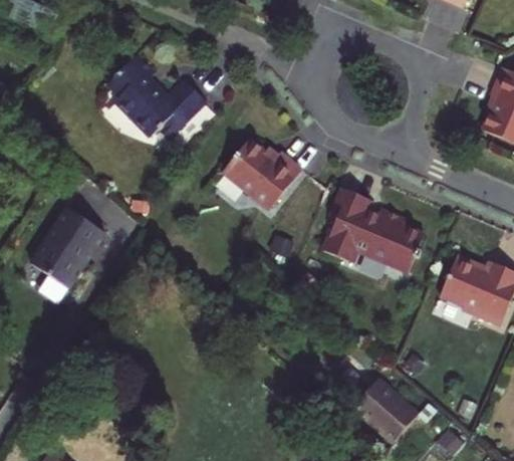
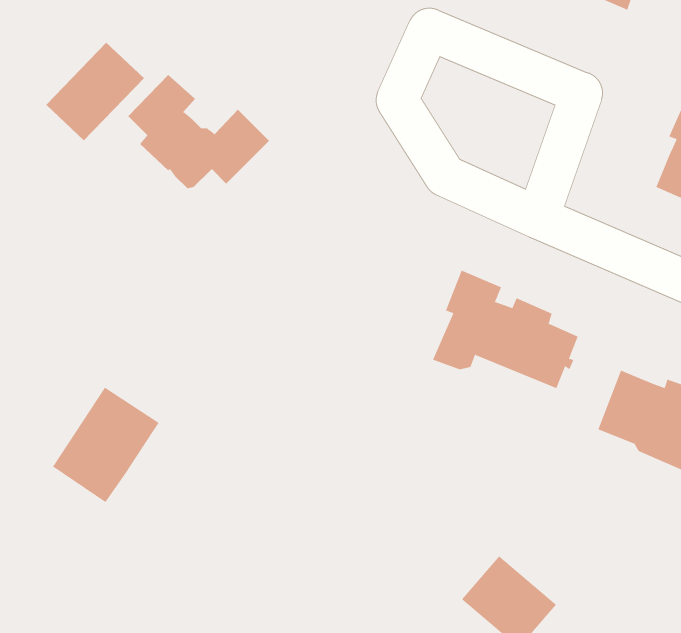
building: none -> [45,42,145,141]
building: [213,133,291,206] -> none
building: [41,208,115,288] -> [52,387,159,503]

